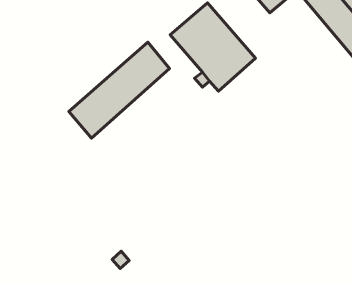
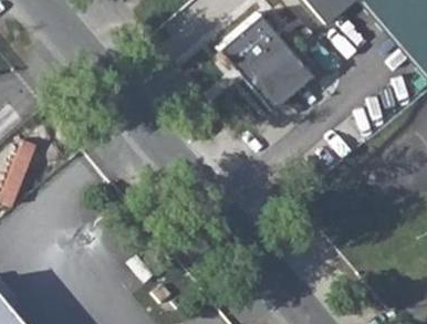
building: [69,42,170,138] -> none

